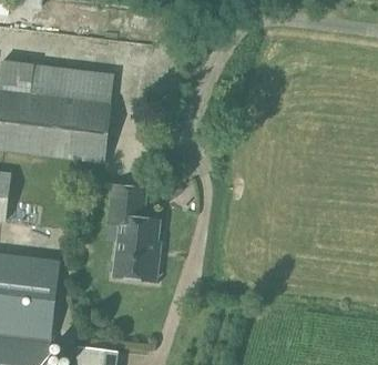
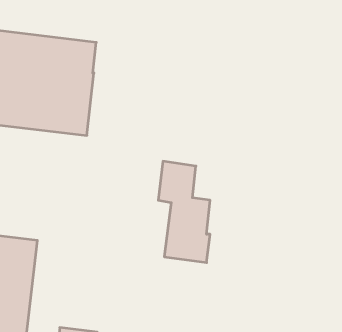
building: [109,184,157,280] -> [158,161,210,263]

